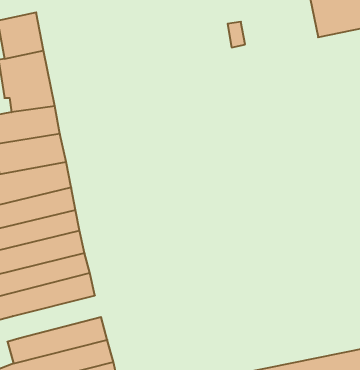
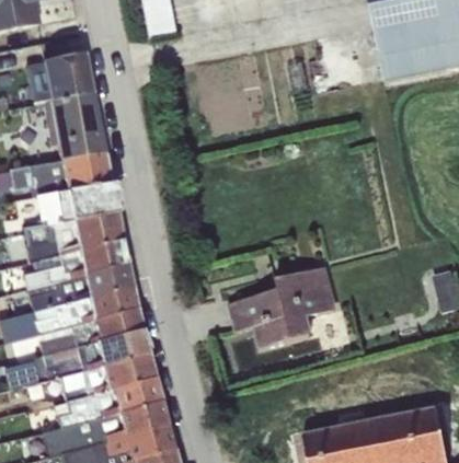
building: none -> [230,267,336,347]
building: none -> [59,354,153,400]

